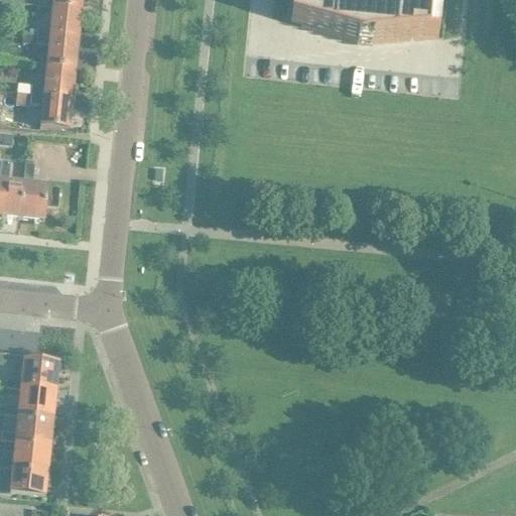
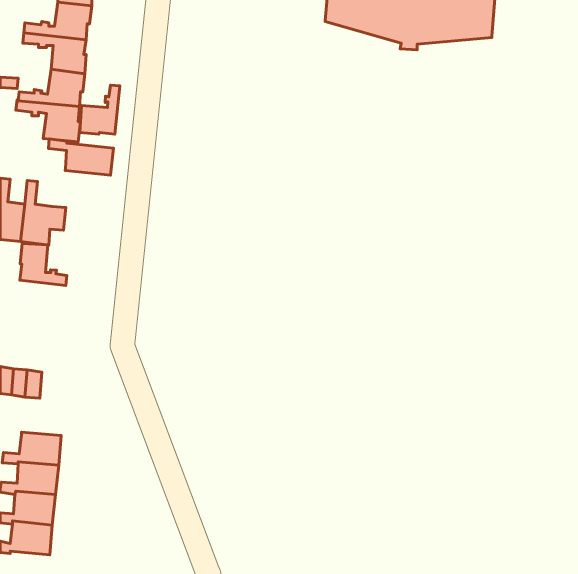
building: none -> [80,85,120,134]
building: none -> [48,139,114,175]
building: none -> [20,244,67,285]
building: [6,357,58,387] -> none

